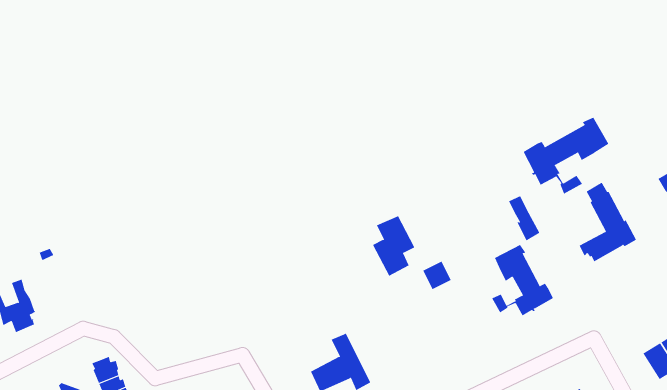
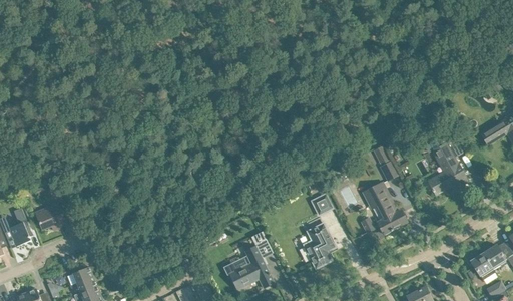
building: [523,117,609,194] -> none
building: [372,216,415,277] -> [304,224,335,268]
building: none -> [34,203,66,230]

